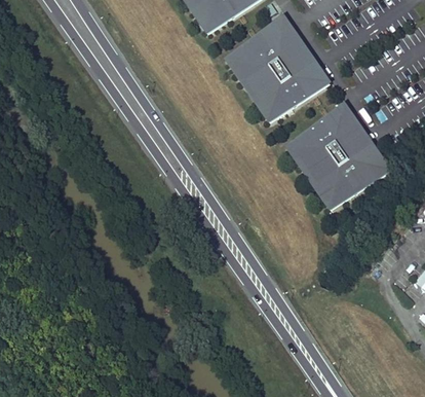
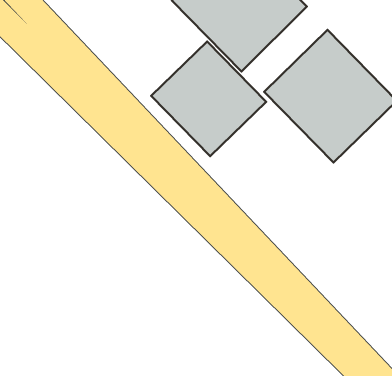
building: none -> [151,42,266,156]

